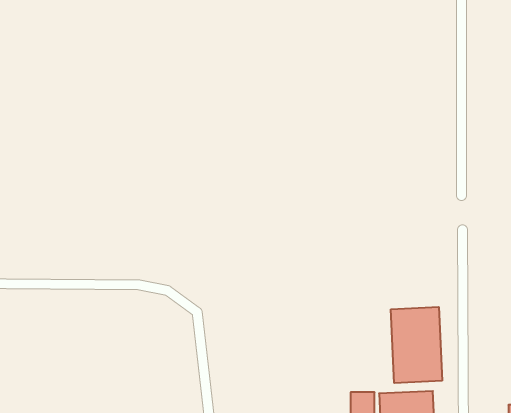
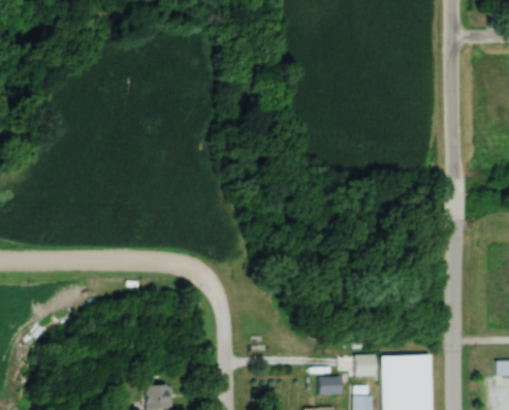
building: [391,307,442,383] -> none

